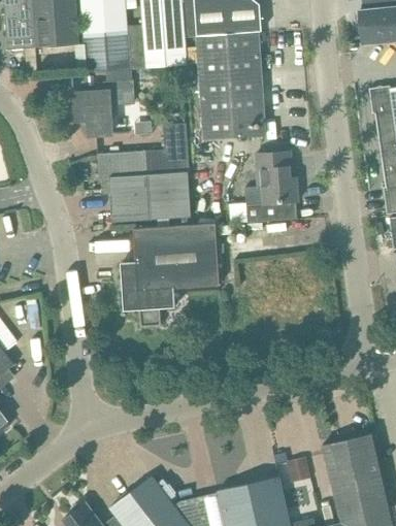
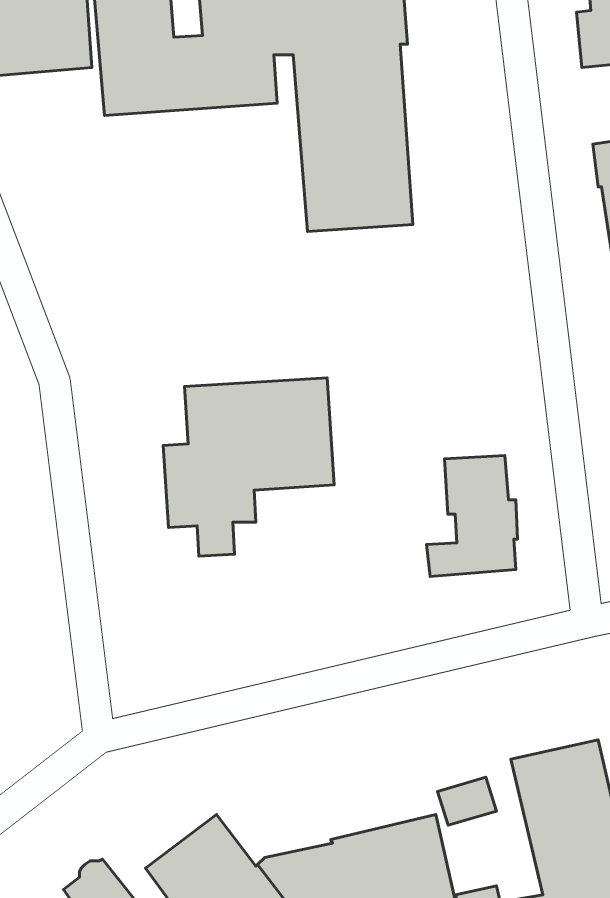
building: [74,78,136,135] -> none
building: [97,124,191,222] -> none
building: [245,153,298,223] -> [427,455,517,577]

